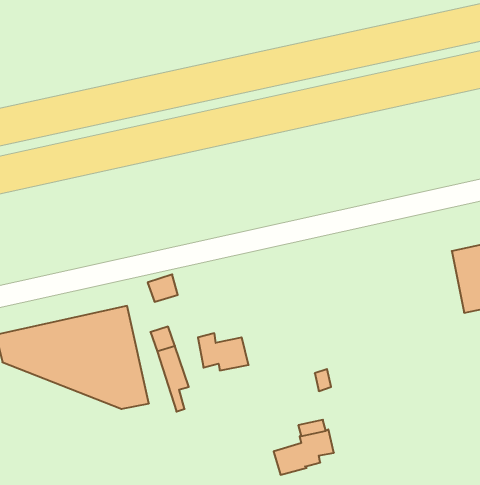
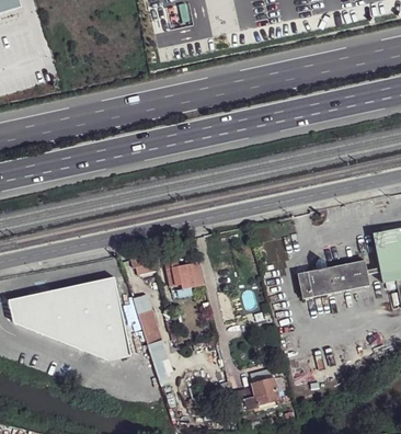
building: none -> [298,258,370,298]
building: [198,333,249,370] -> [164,259,205,288]

